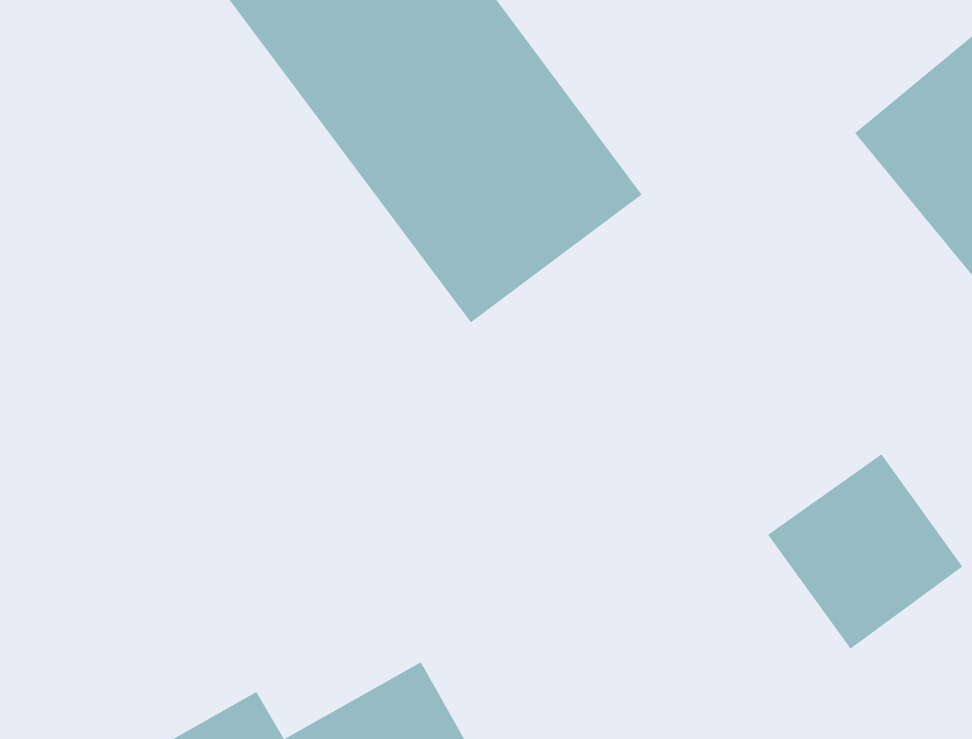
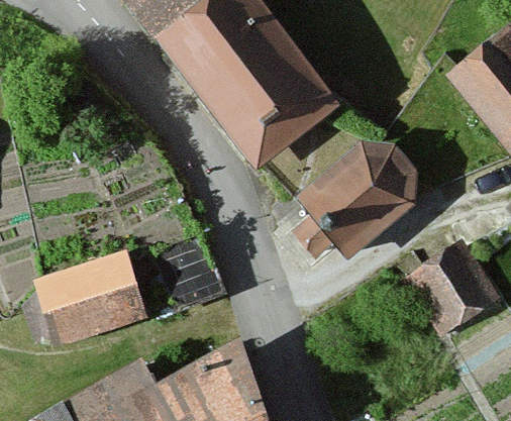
building: none -> [295,142,418,258]
building: none -> [31,243,146,347]

